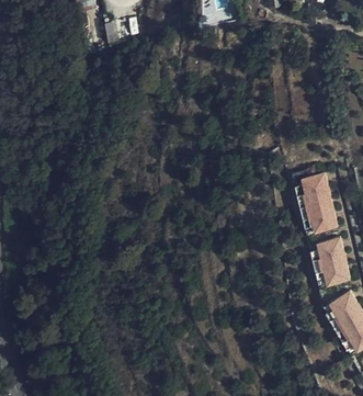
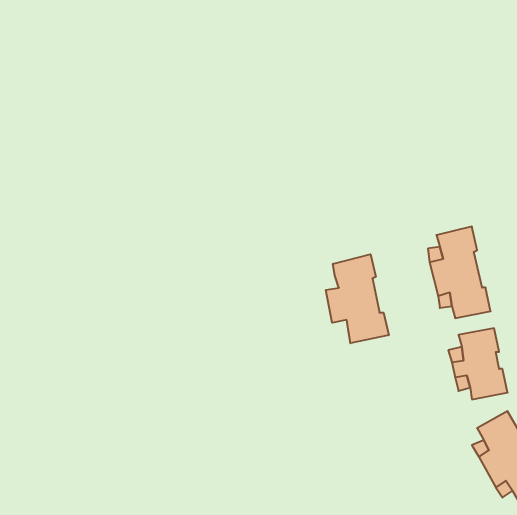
building: none -> [326,254,389,343]

